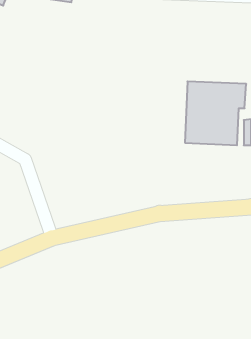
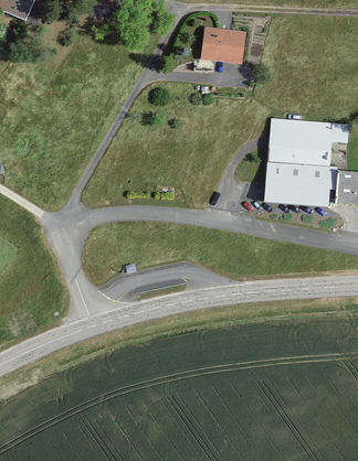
building: none -> [198,28,246,64]

